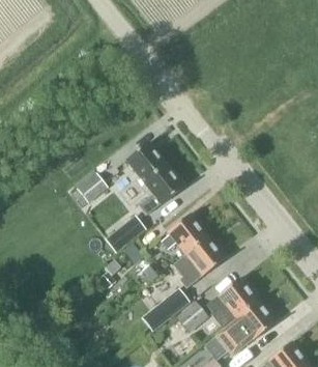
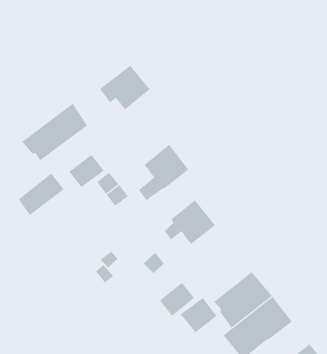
building: none -> [21,103,88,161]
building: [122,141,168,181] -> [99,65,150,110]
building: [107,214,148,252] -> [18,173,64,216]
building: [173,235,226,287] -> none

